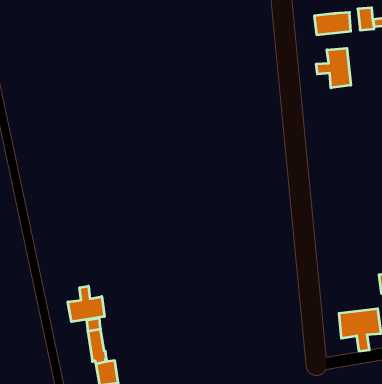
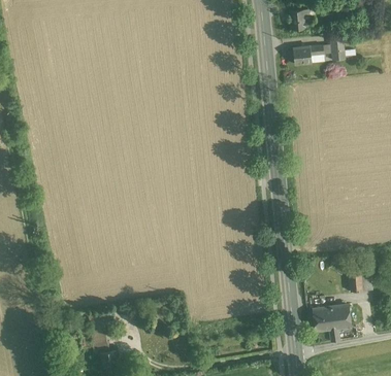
building: [316,48,351,88] -> none
building: [68,286,104,322] -> none

